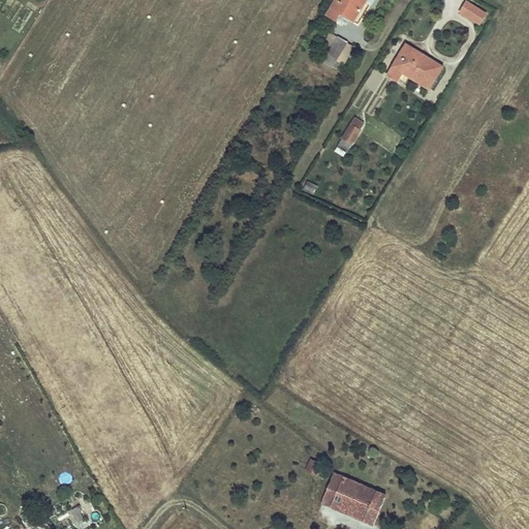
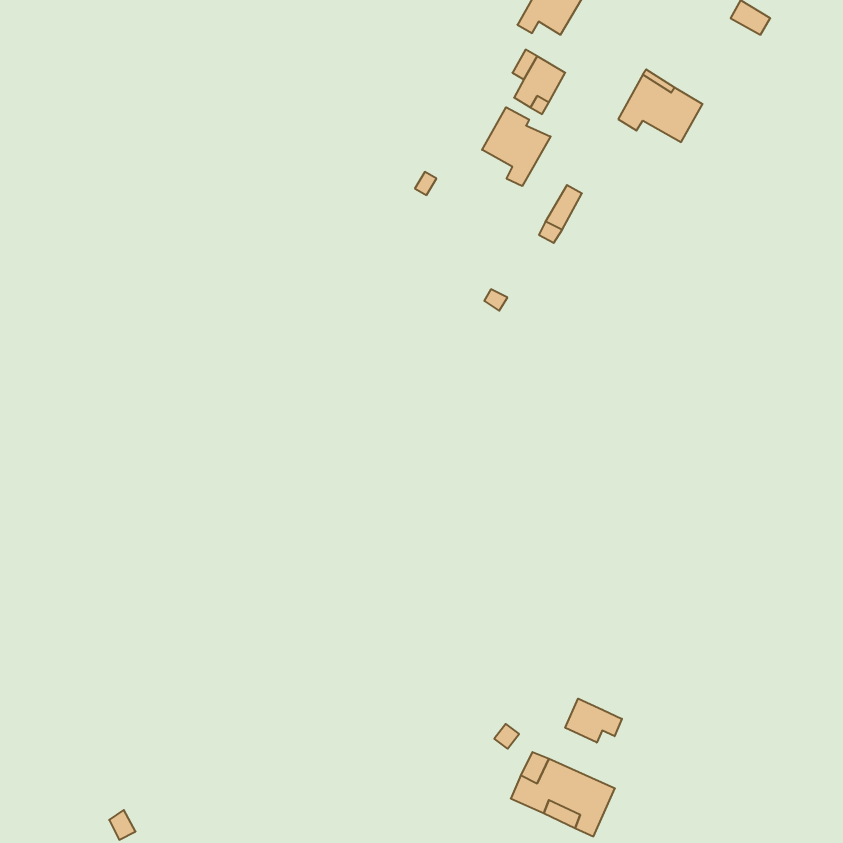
building: none -> [482,107,551,186]
building: none -> [565,699,622,743]

